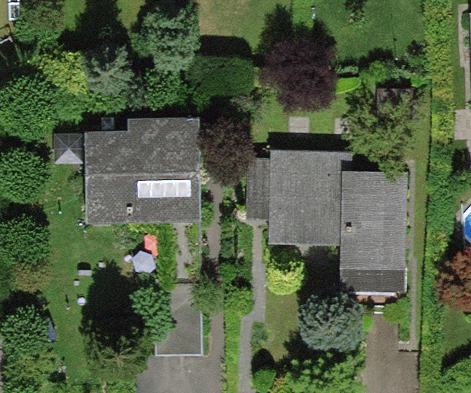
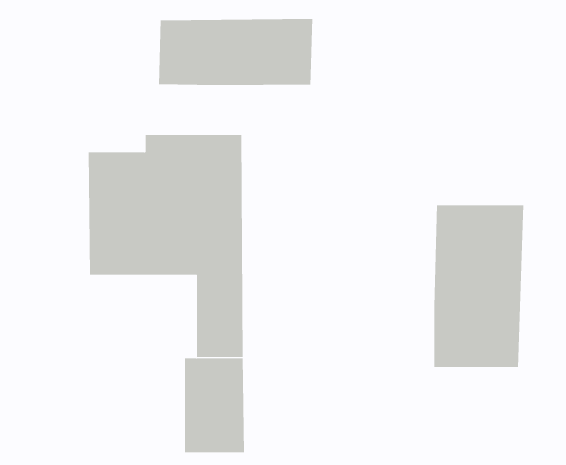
building: none -> [159,18,313,86]
building: [246,149,353,247] -> none

